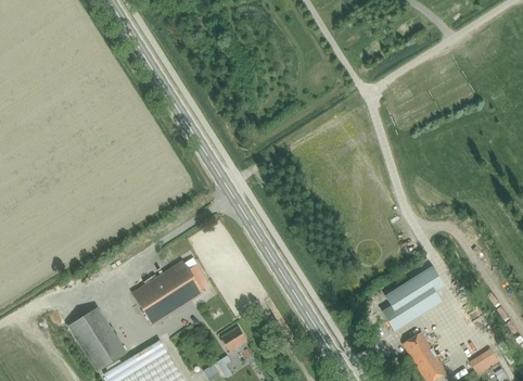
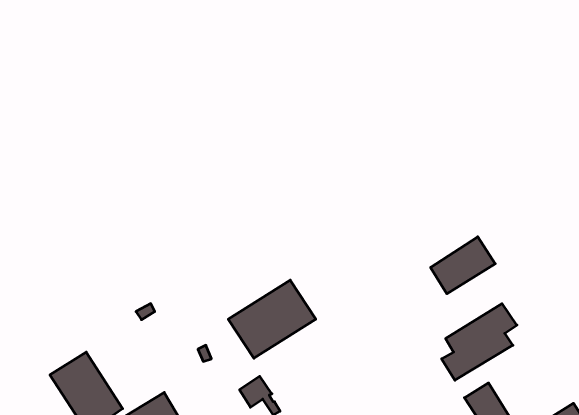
building: none -> [431,237,495,294]
building: [131,261,202,323] -> [228,280,316,358]

